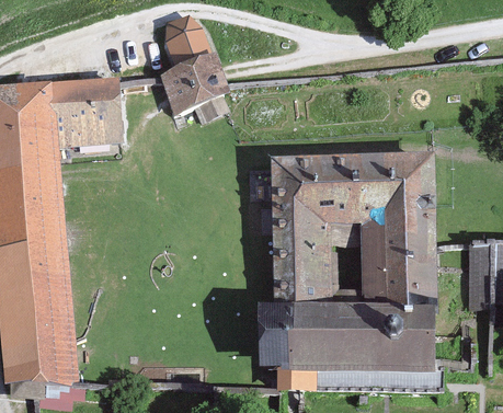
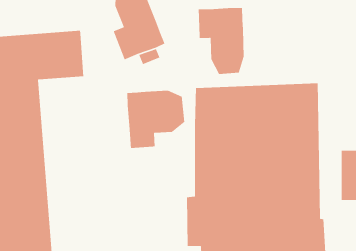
building: none -> [198,7,245,75]
building: none -> [126,90,185,149]

